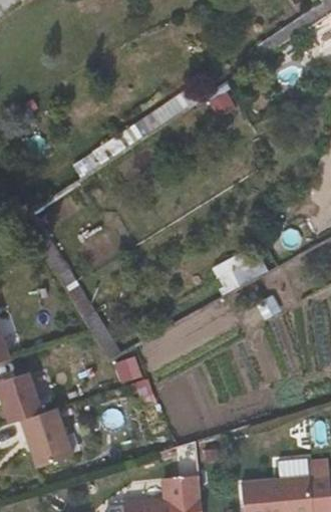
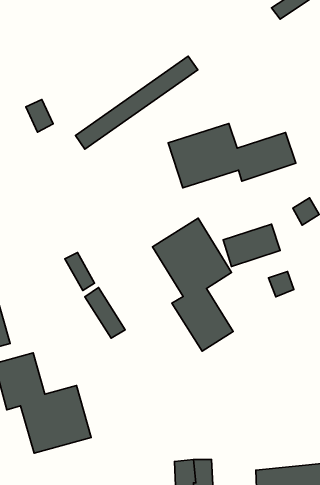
building: none -> [168,123,296,188]
building: none -> [153,218,233,351]

